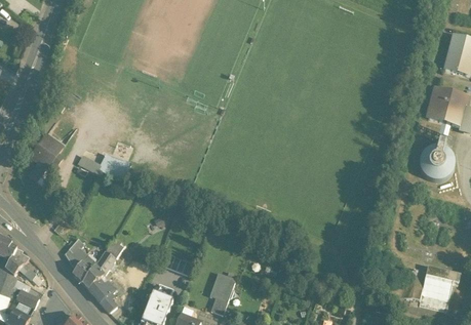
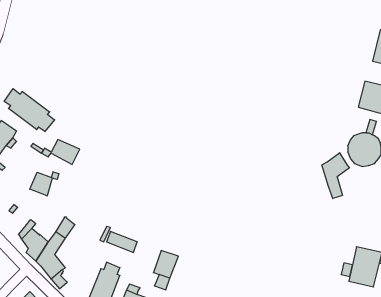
building: none -> [4,89,55,132]
building: none -> [322,153,349,199]
building: none -> [30,172,59,196]

